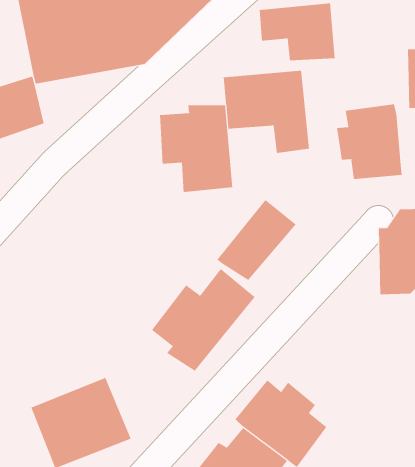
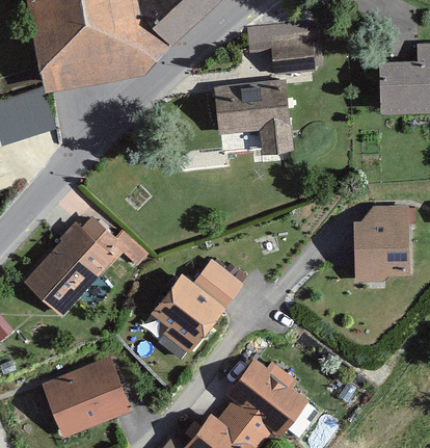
building: [337,104,402,180] -> none
building: [160,105,233,193] -> none
building: [216,199,296,281] -> none
building: none -> [23,215,126,317]

